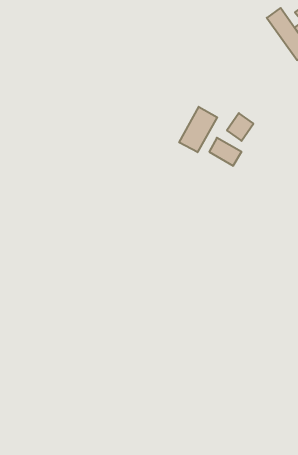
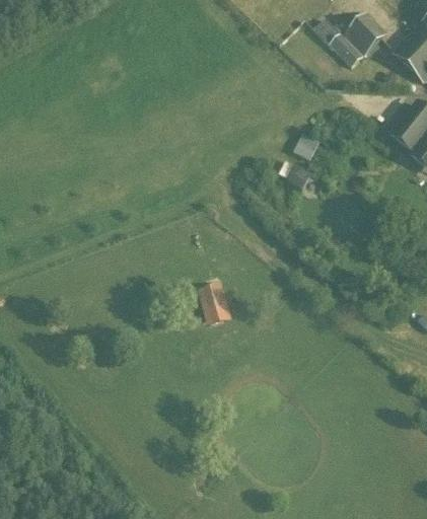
building: [179,107,217,152] -> none
building: none -> [198,281,232,323]

